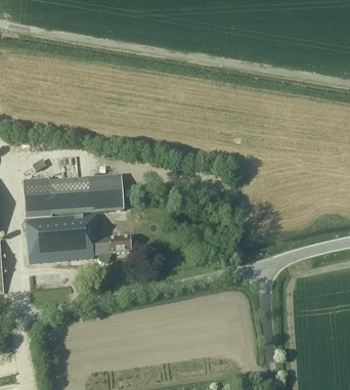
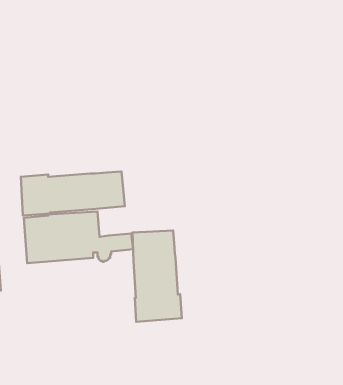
building: none -> [133,230,182,322]

